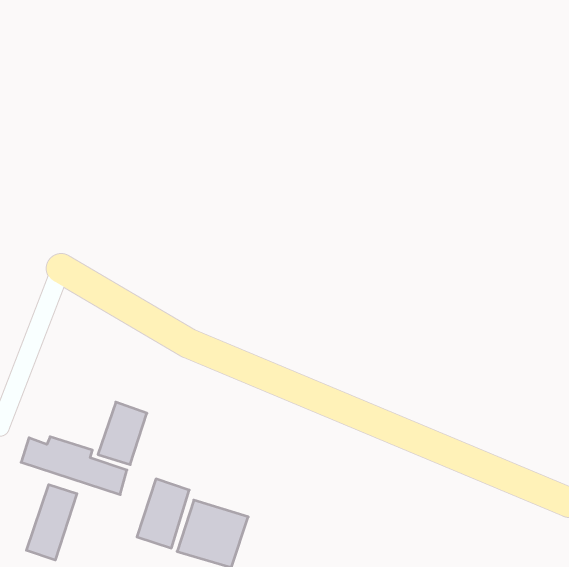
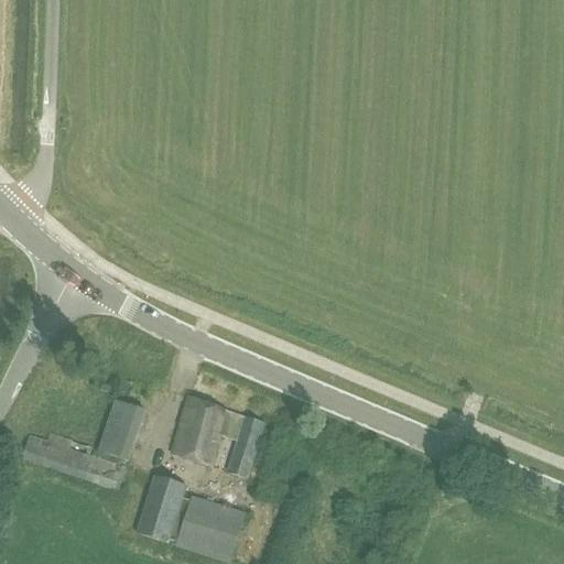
building: none -> [173,398,264,477]
building: [26,485,77,560] -> none

